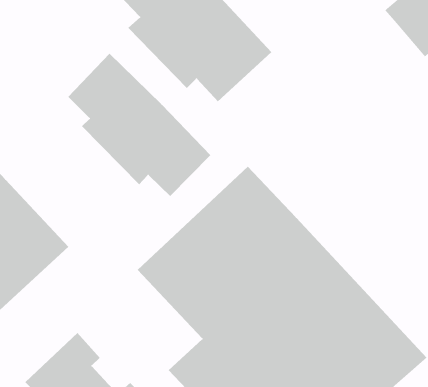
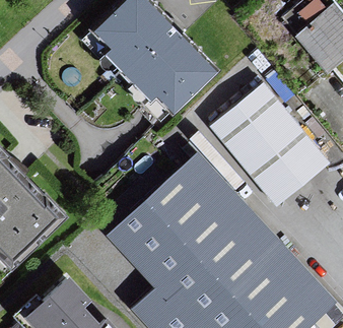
building: [67,53,211,197] -> none
building: none -> [206,82,325,206]

